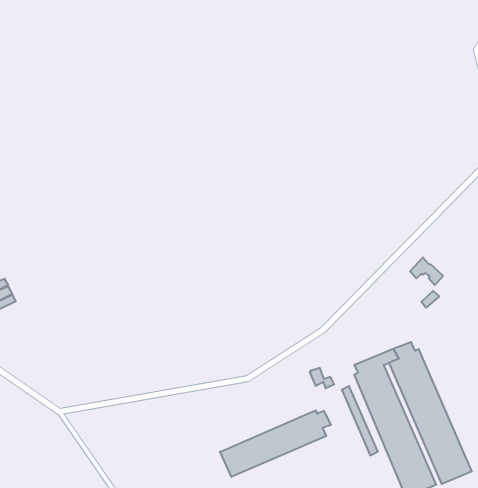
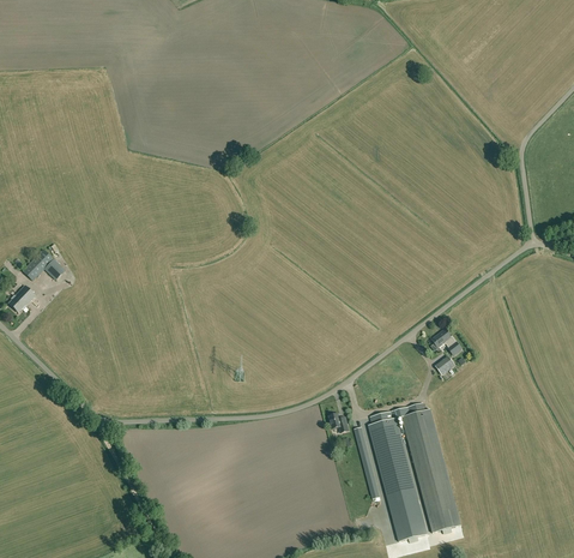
building: [220,410,331,477] -> none

